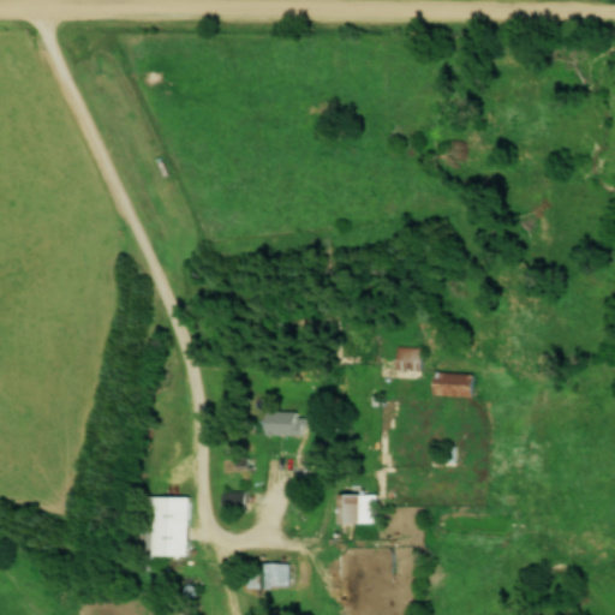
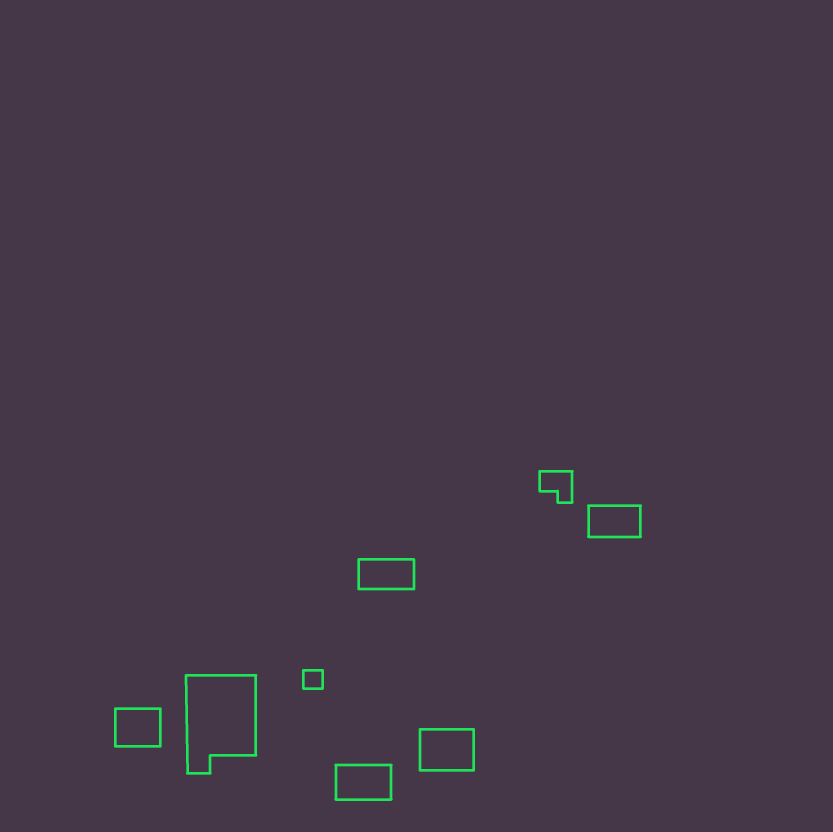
building: [338,495,377,525] -> [420,729,474,770]
building: none -> [115,709,160,746]

